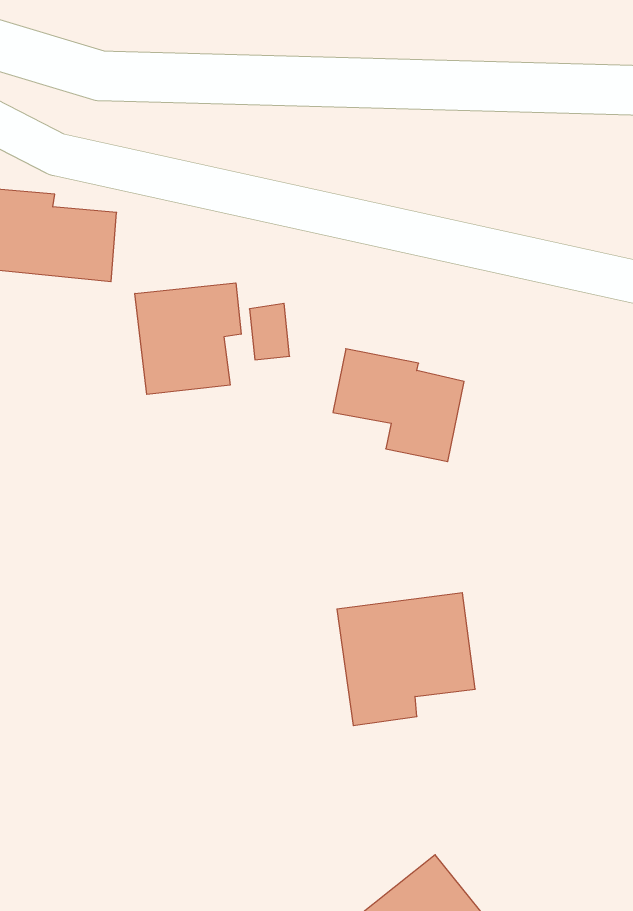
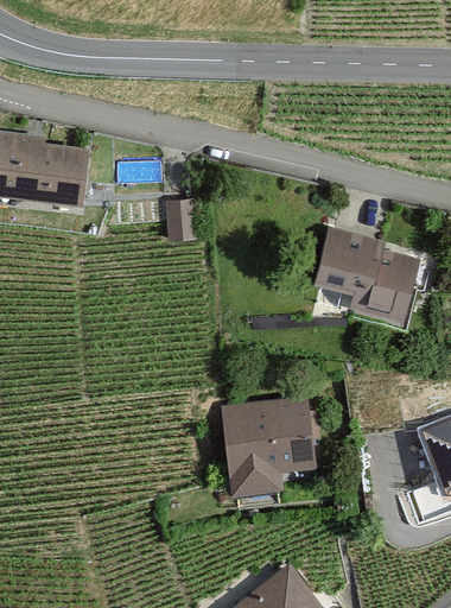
building: [135,283,241,394] -> none
building: [333,349,464,462] -> [323,239,408,312]

